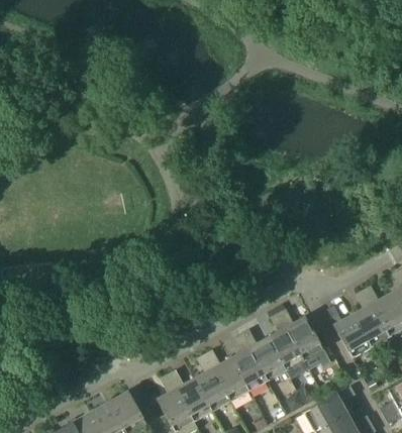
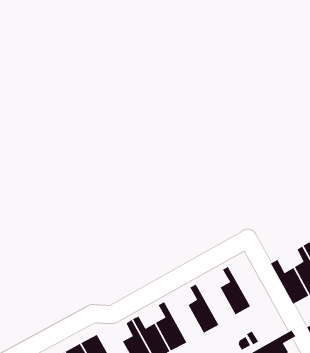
building: [278,309,330,367] -> none
building: [241,330,286,382] -> none
building: [205,350,249,402] -> none

